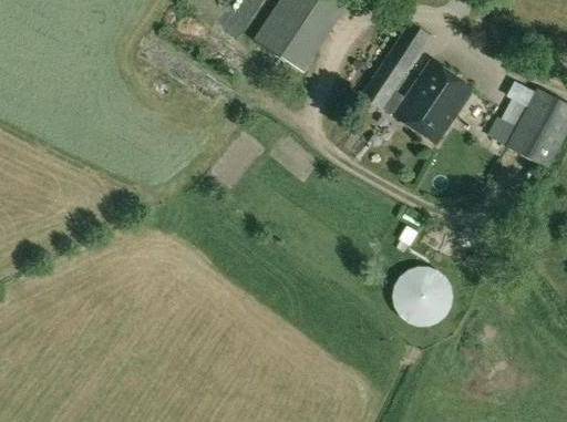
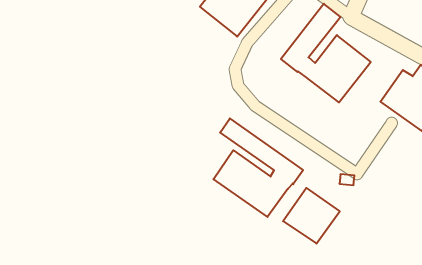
building: none -> [213,118,303,217]

